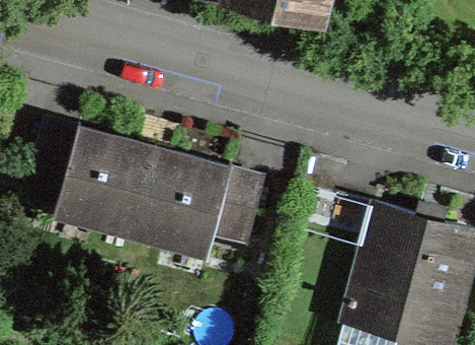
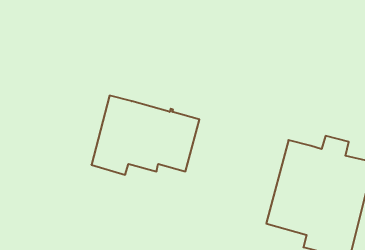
building: [28,121,156,236] -> none

